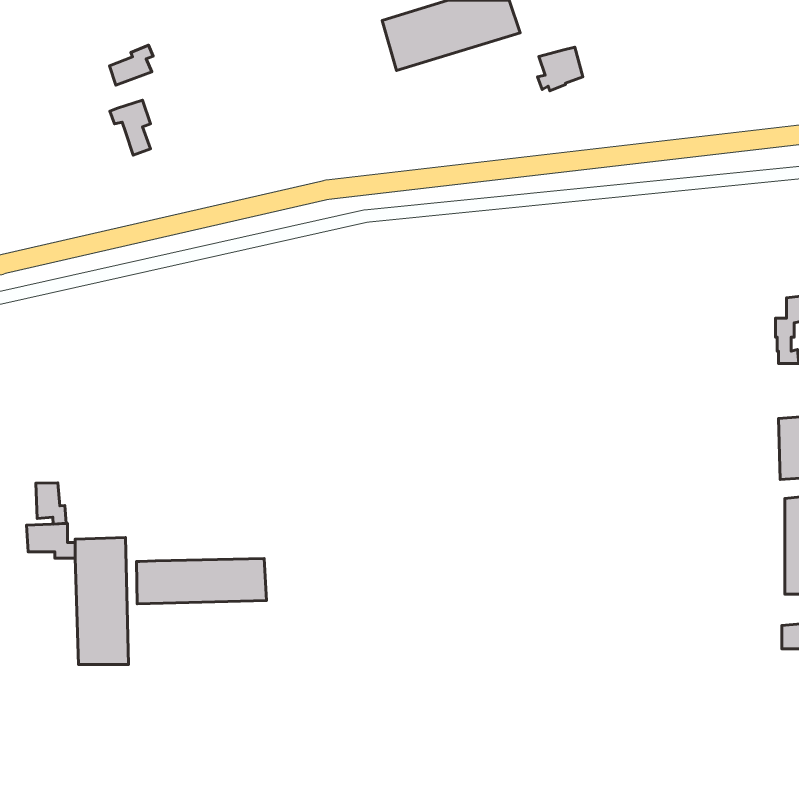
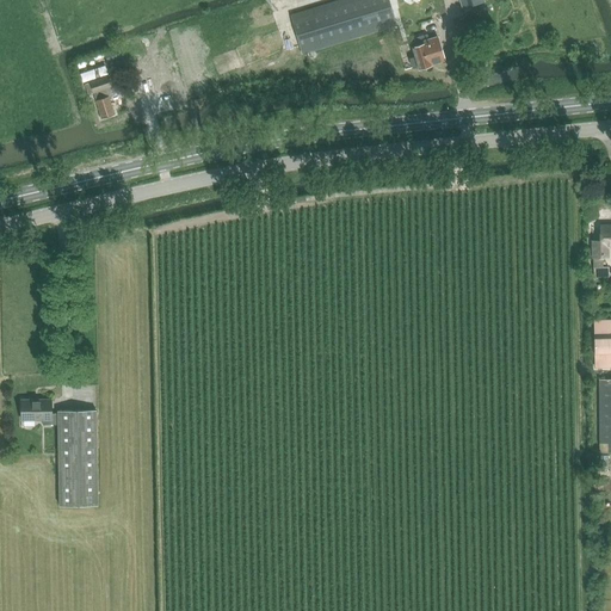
building: [109,45,153,85] -> none
building: [36,483,66,524] -> none
building: [136,558,266,604] -> none

